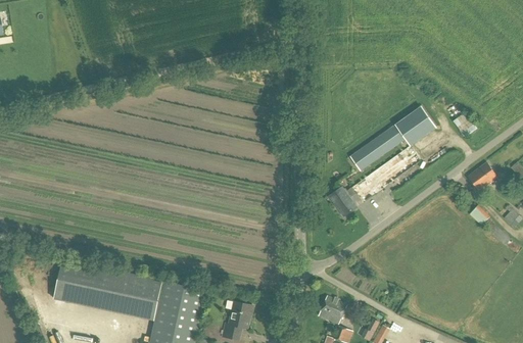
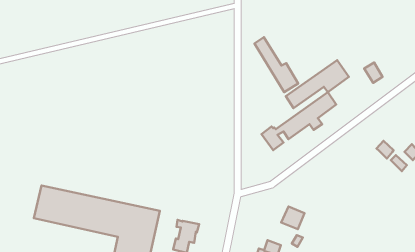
building: none -> [254,37,298,92]
building: [467,161,496,191] -> none
building: [318,296,346,324] -> [281,207,305,229]

